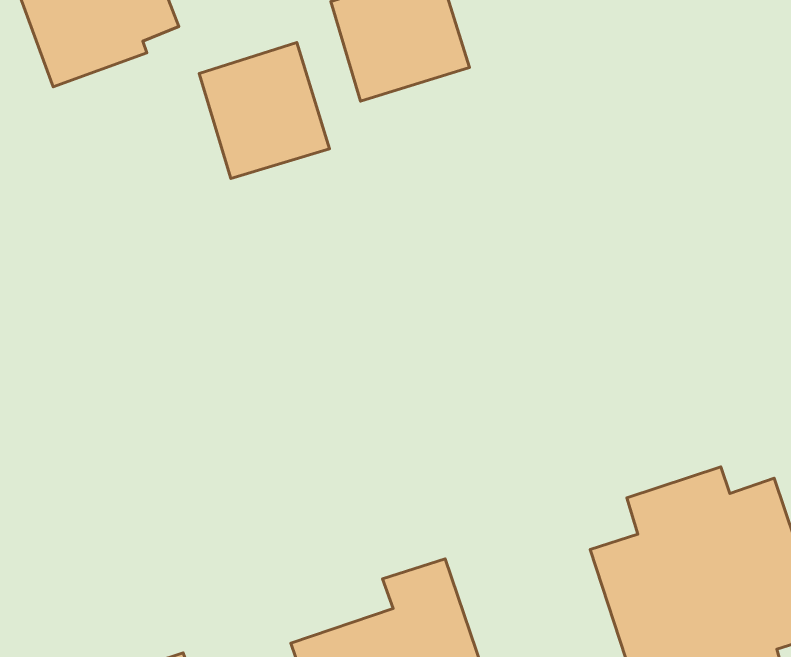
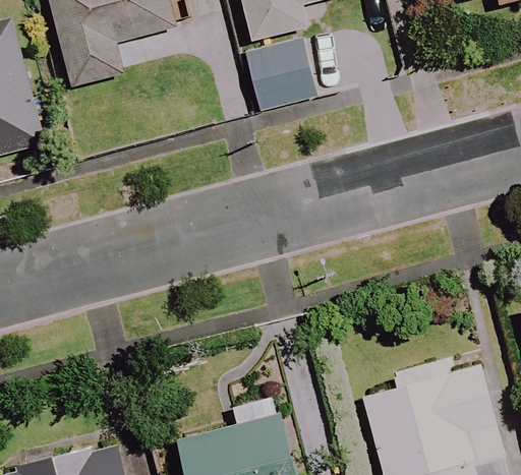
building: [199,42,330,179] -> none

